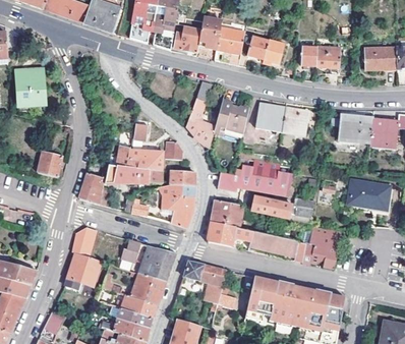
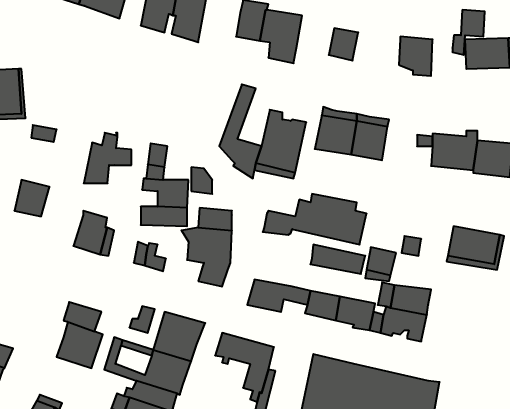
building: [175,25,201,52] -> none
building: [240,36,270,67] -> none
building: [294,47,317,79] -> [452,10,485,55]
building: [107,146,141,182] -> [84,133,131,183]
building: [212,199,243,227] -> none

